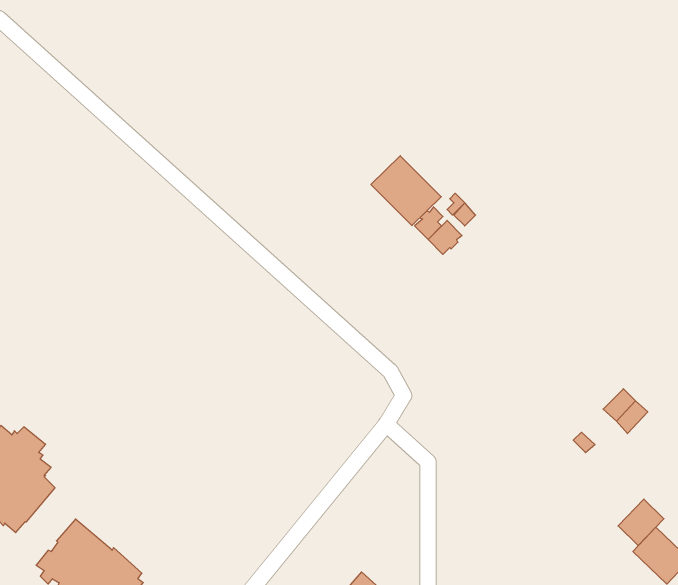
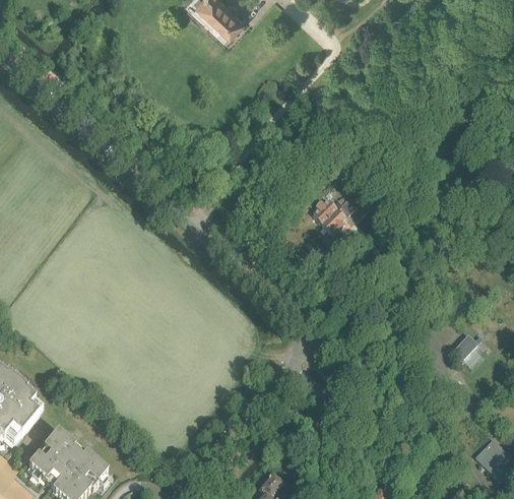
building: [371,156,441,226] -> none
building: [618,499,664,546] -> none

